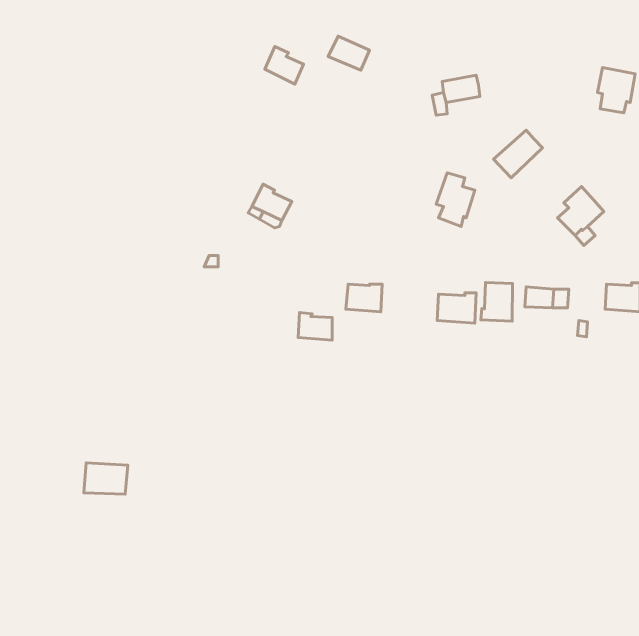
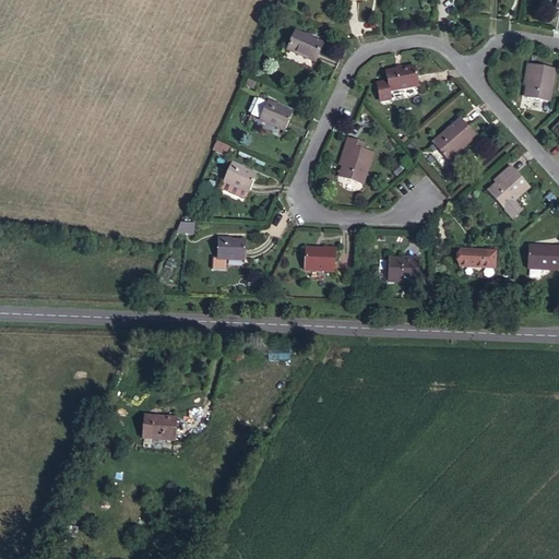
building: [265,47,304,84] -> [259,97,293,130]
building: [436,173,475,227] -> [340,138,373,185]
building: [481,283,513,321] -> none
building: [298,313,332,340] -> [213,237,242,261]
building: [84,463,128,494] -> [144,407,182,435]

